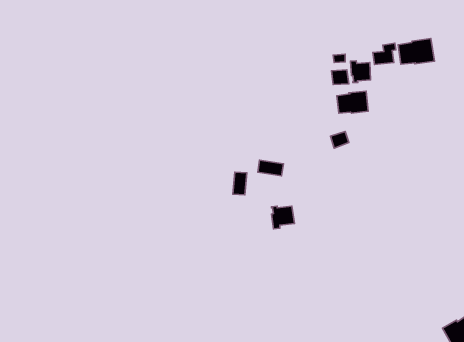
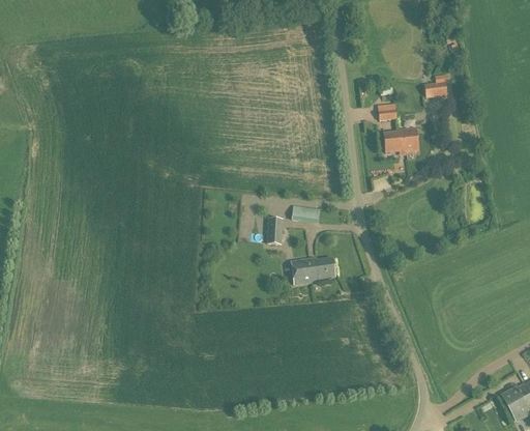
building: [398,39,434,64] -> none
building: [350,61,371,83] -> none
building: none -> [292,258,313,285]

